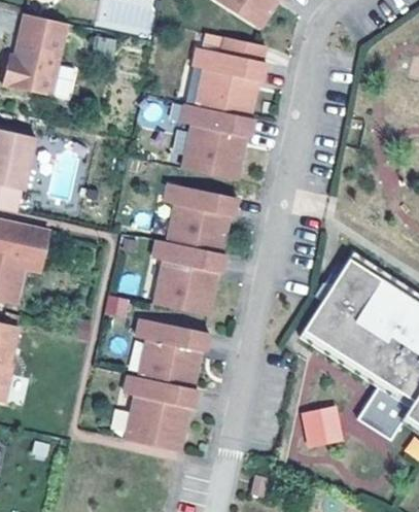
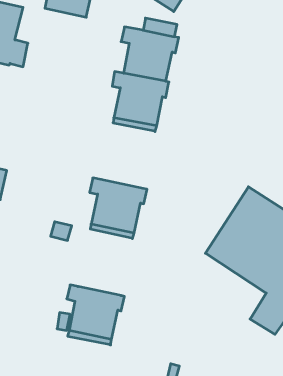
building: [164,183,237,252] -> none
building: [136,318,208,388] -> none
building: [300,406,343,447] -> none

